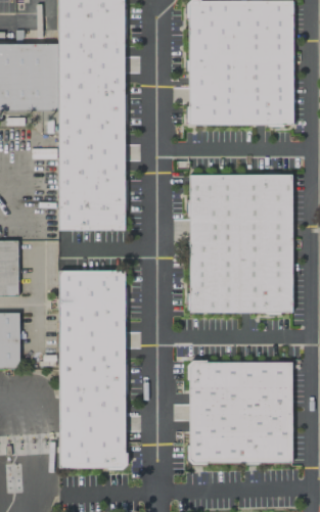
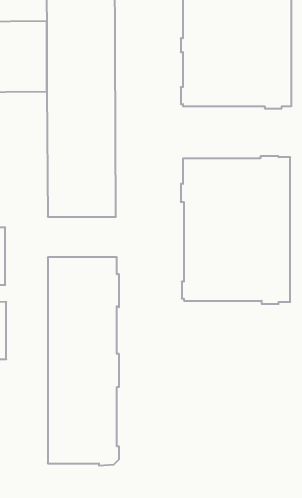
building: [187,360,292,465] -> none

